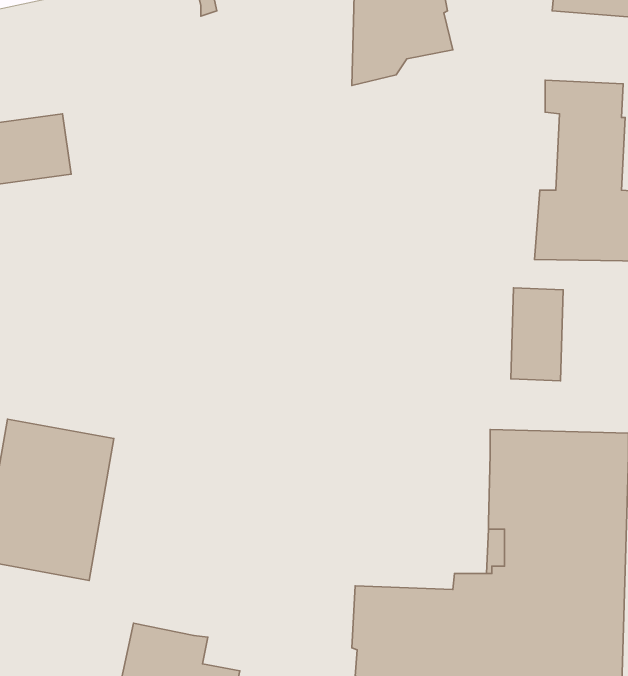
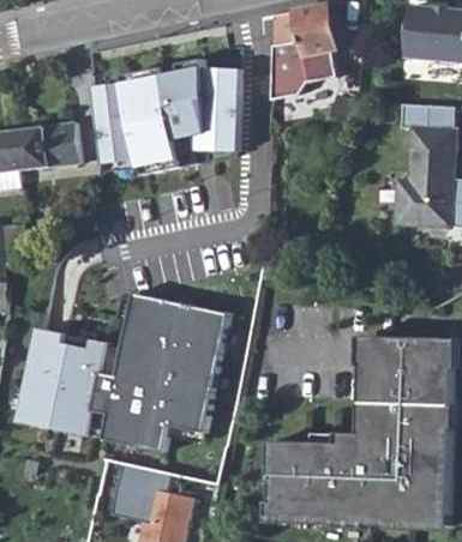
building: none -> [85,70,239,176]
building: [511,288,563,381] -> none
building: none -> [108,296,229,452]

